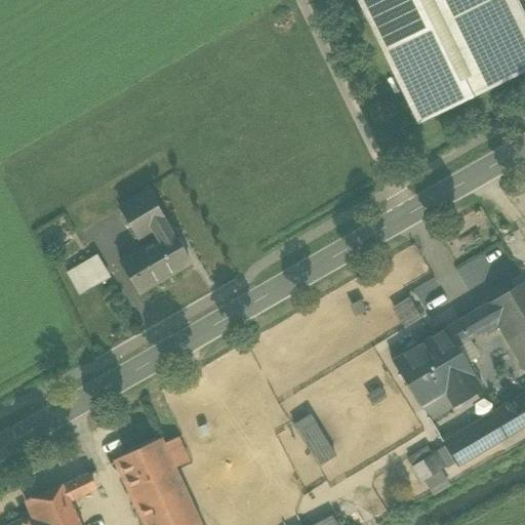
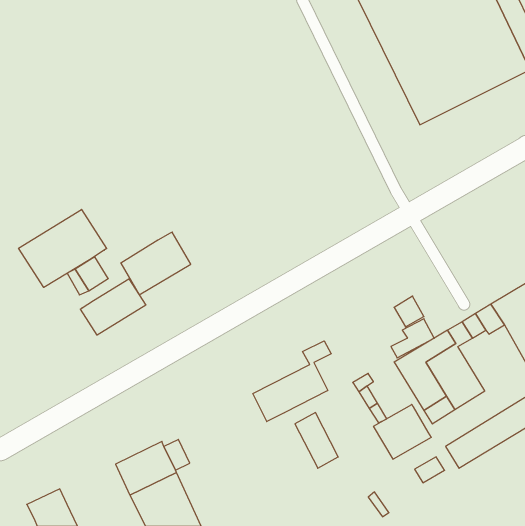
building: [124,196,171,239] -> none
building: none -> [19,209,107,287]
building: none -> [80,279,146,335]
building: none -> [253,341,331,422]
building: none -> [374,404,431,459]
building: [62,473,97,501] -> none

